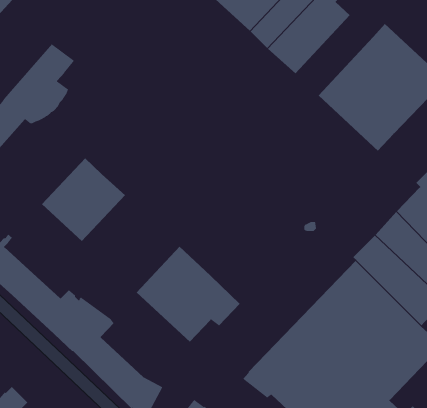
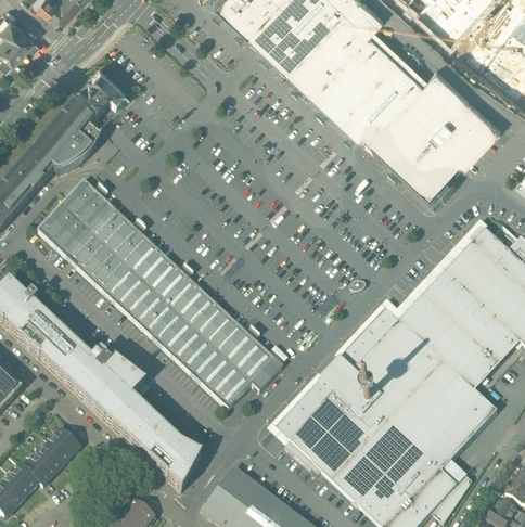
building: none -> [341,57,423,143]
building: none -> [87,65,129,108]
building: none -> [36,178,116,259]
building: none -> [113,249,217,354]
building: none -> [273,305,405,440]
building: none -> [38,427,79,471]

